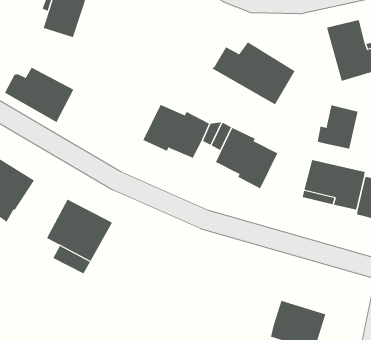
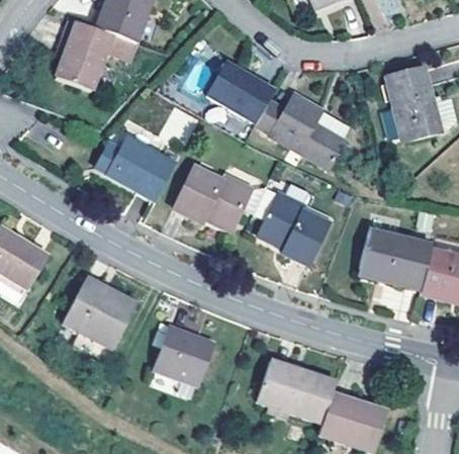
building: none -> [206,61,274,122]
building: [4,67,74,123] -> [94,137,175,201]
building: [317,105,358,150] -> none
building: none -> [155,326,212,381]
building: none -> [256,359,337,422]

